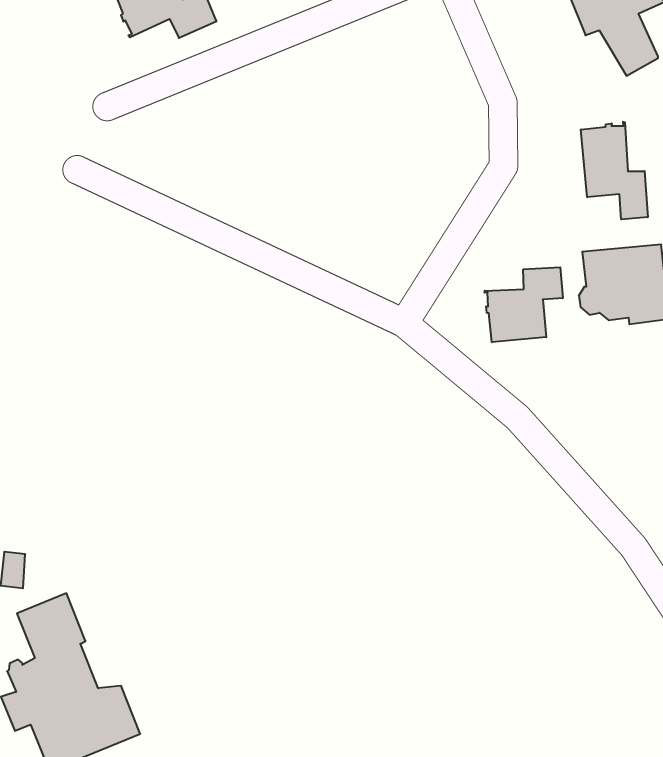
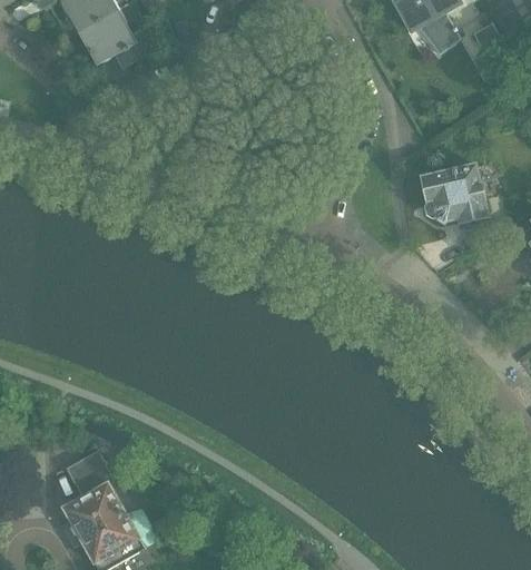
building: [581,122,648,219] -> none
building: [484,267,563,342] -> none

